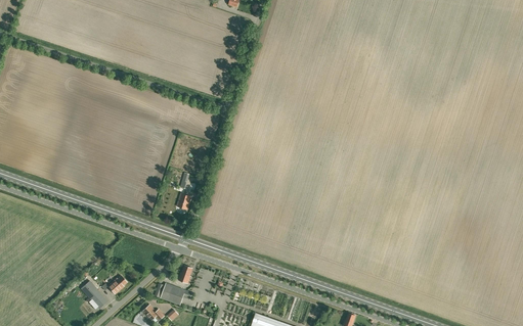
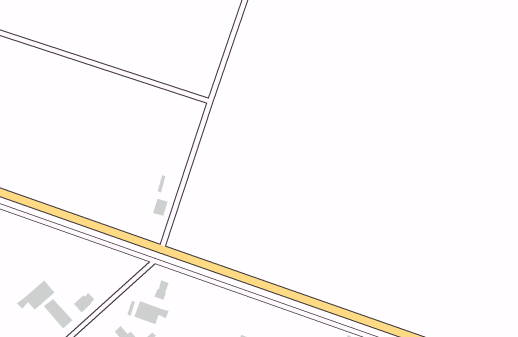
building: none -> [16,279,55,311]

